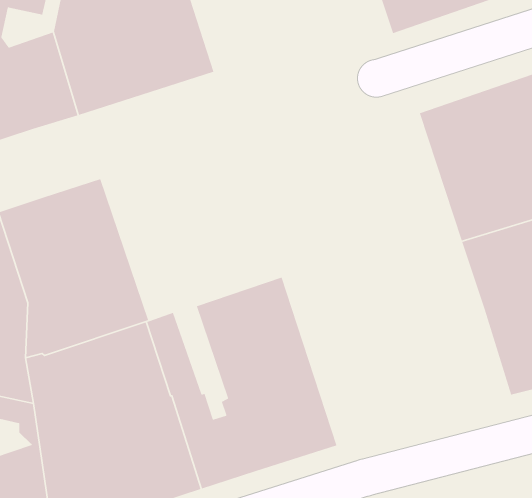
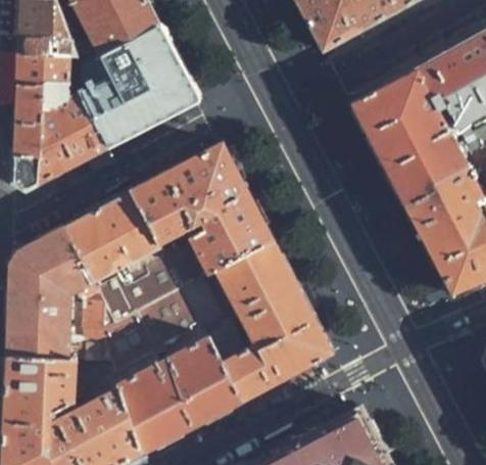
building: none -> [132,142,274,286]

